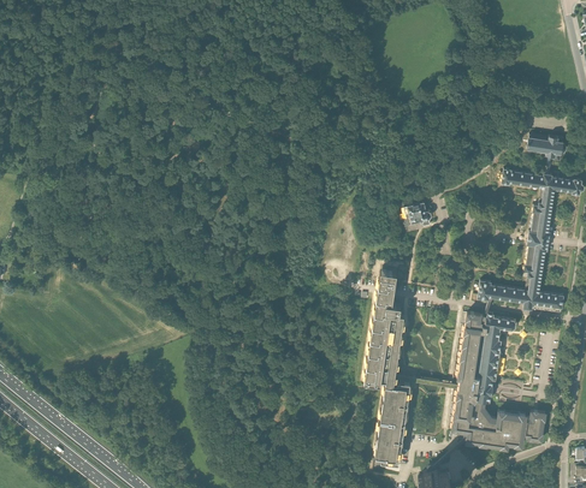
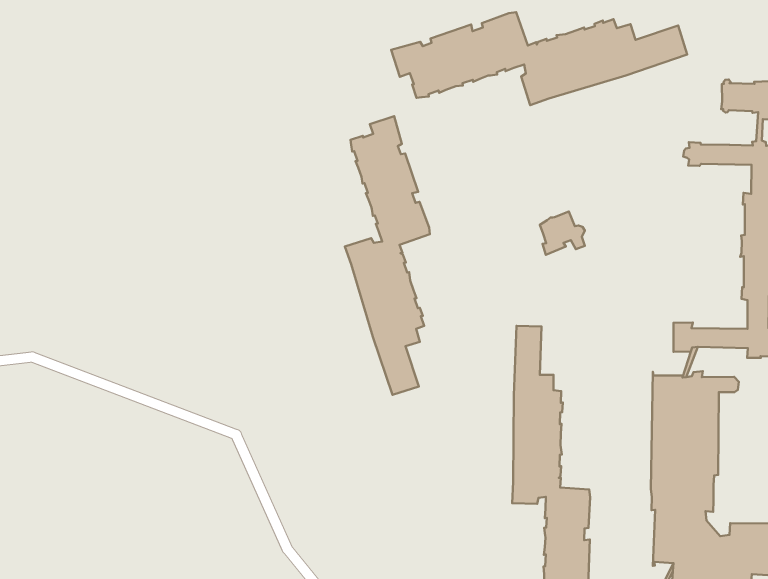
building: none -> [391,12,687,105]
building: none -> [345,116,430,395]

